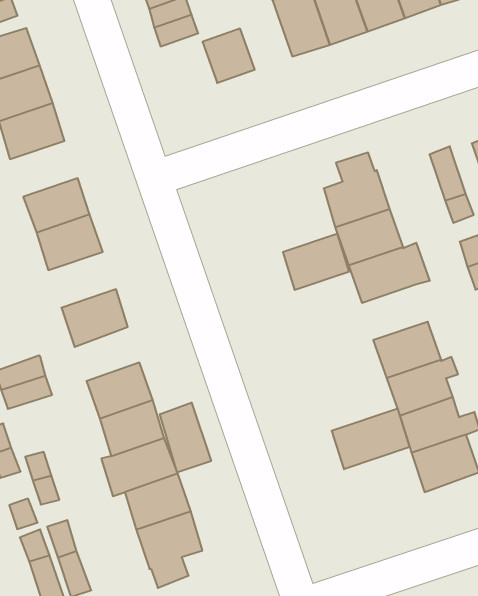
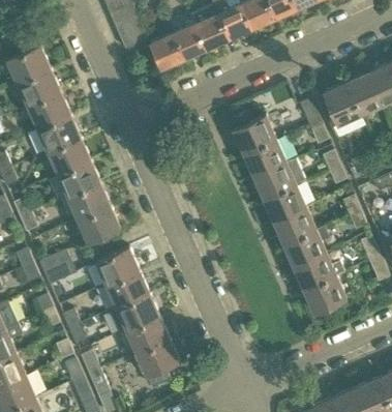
building: none -> [173,24,207,59]
building: none -> [36,114,80,151]
building: [283,234,349,290] -> [264,184,306,222]
building: none -> [66,181,110,218]
building: [160,403,211,472] -> none
building: [332,409,410,469] -> none

